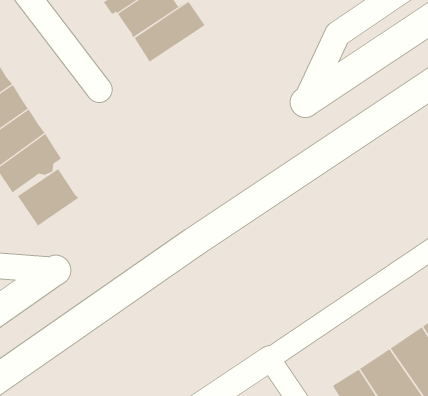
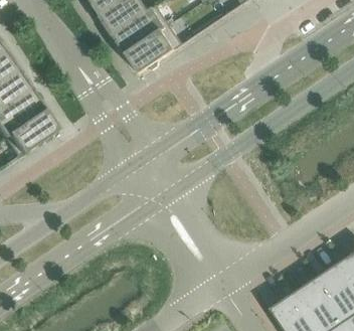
building: none -> [126,24,183,73]
building: [17,168,79,232] -> none

